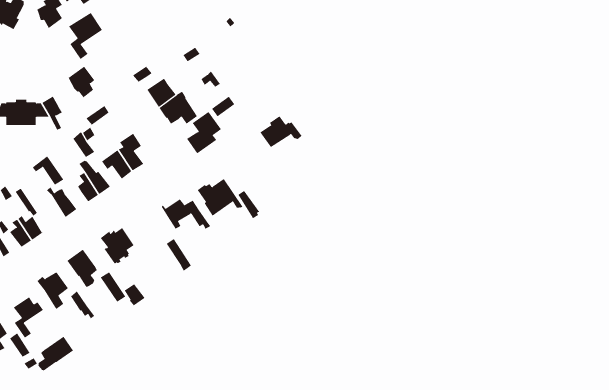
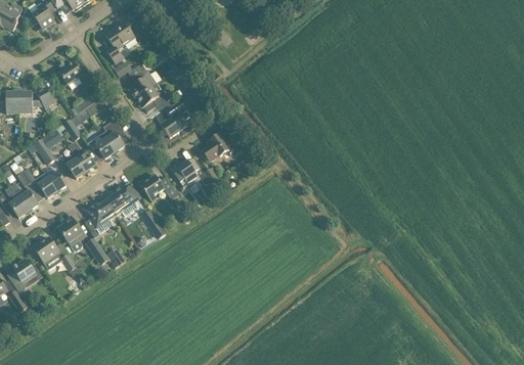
building: [68,12,103,60] -> [105,22,135,63]
building: [260,116,303,148] -> [202,135,238,163]
building: none -> [24,170,57,198]
building: none -> [106,186,138,216]
building: [38,336,74,371] -> none

